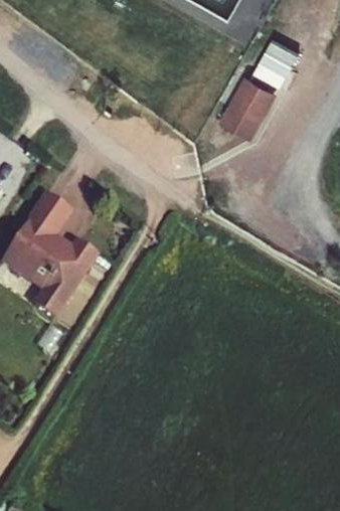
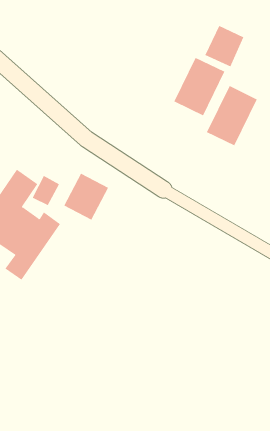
building: none -> [206,85,257,146]
building: none -> [64,173,109,220]

